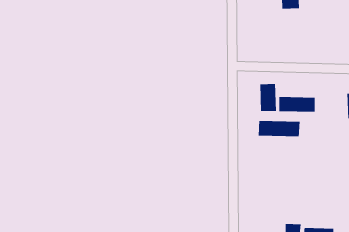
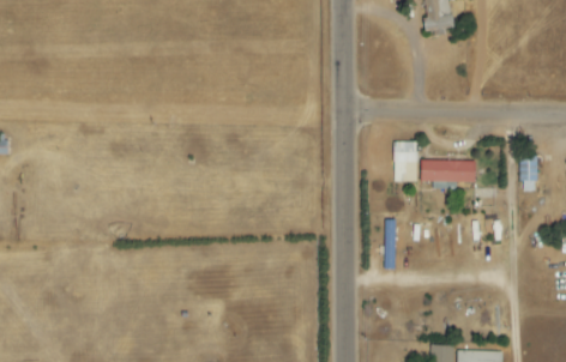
building: [258,120,300,137] -> none

